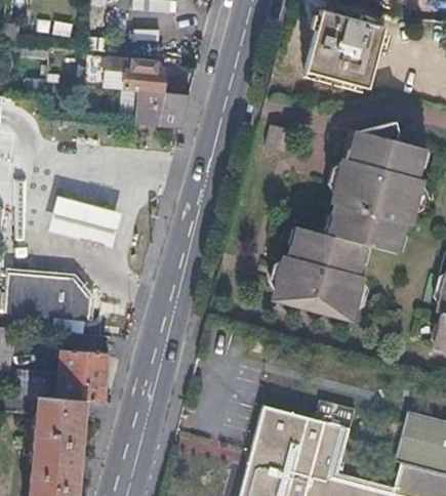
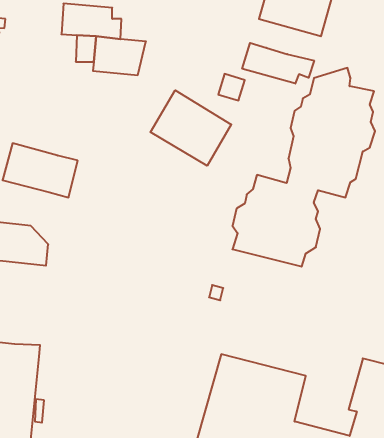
building: none -> [242,43,314,84]
building: none -> [150,90,231,166]
building: [57,349,108,401] -> none

